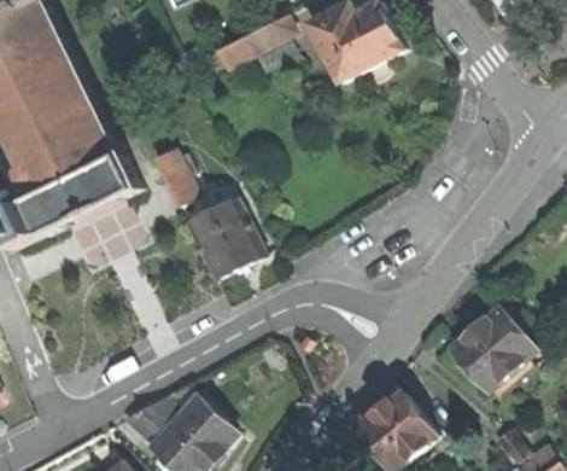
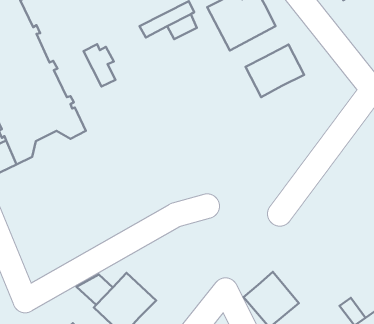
building: none -> [246,44,304,97]
building: [153,149,198,208] -> [83,44,115,87]
building: [187,198,264,279] -> none
building: [454,310,534,391] -> none

